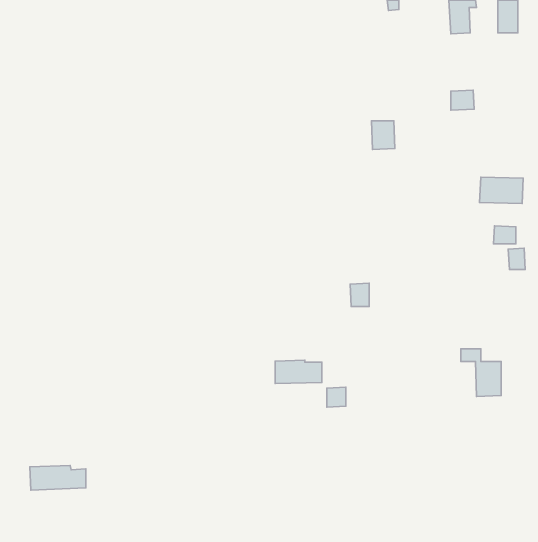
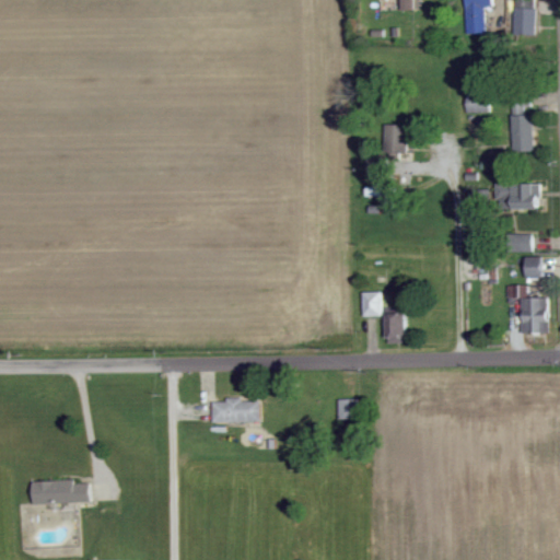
building: none -> [510,115,533,152]
building: none -> [384,313,405,343]
building: [461,349,501,396] -> [505,285,547,335]
building: [275,360,322,383] -> [211,399,259,423]

